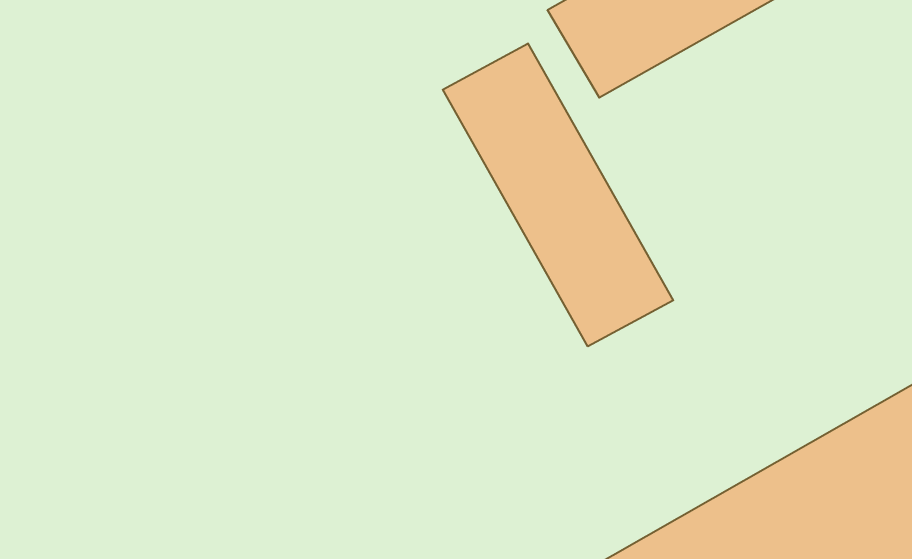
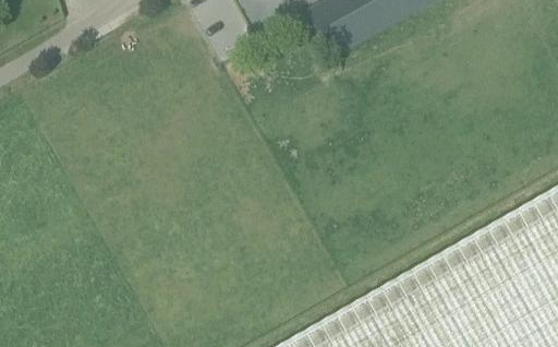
building: [443,43,673,346] -> none

